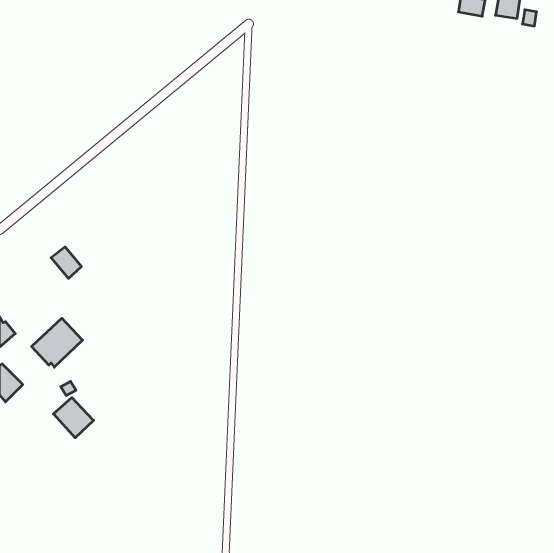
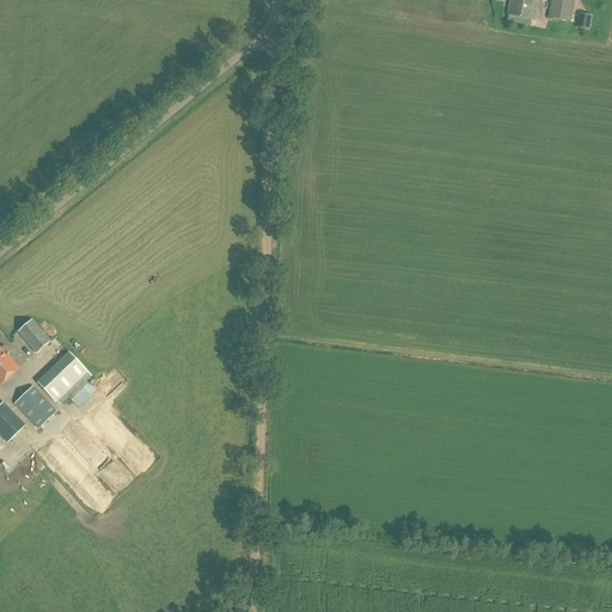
building: [51,247,81,278] -> [16,318,49,353]
building: [53,398,94,438] -> [12,384,56,428]

